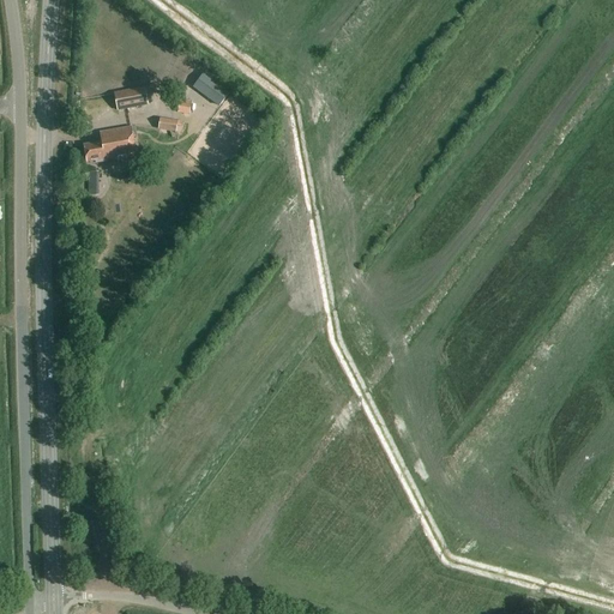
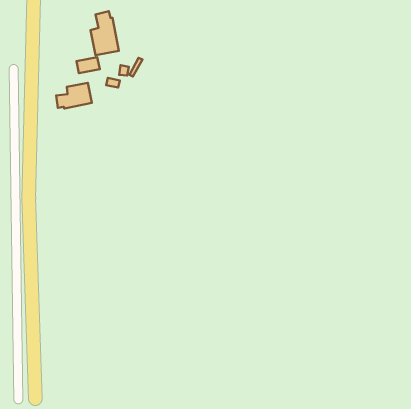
building: none -> [91,11,119,55]

